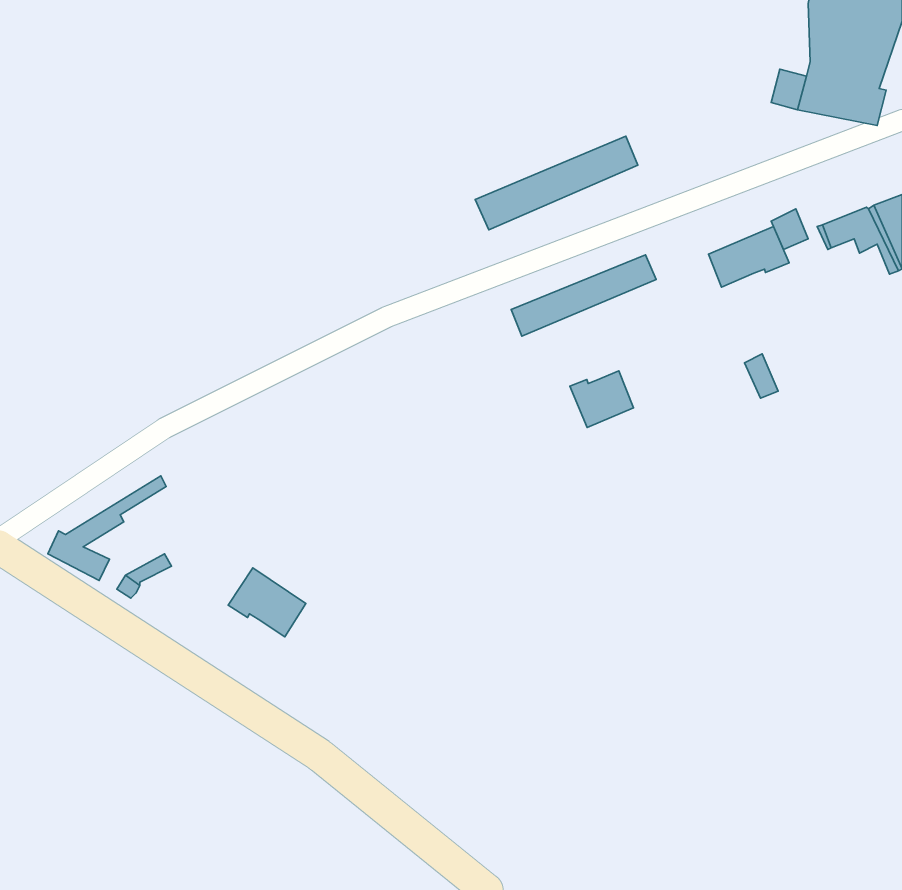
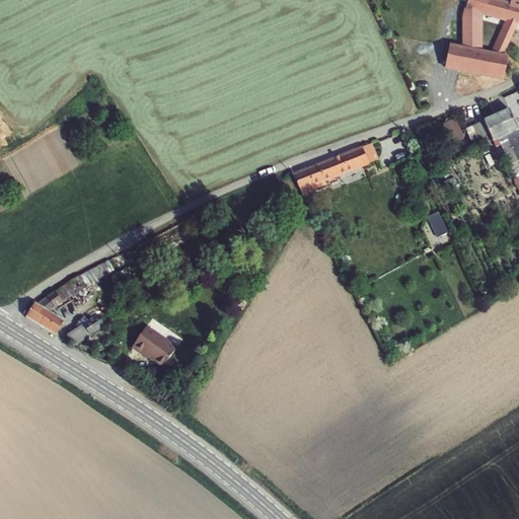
building: [475,136,638,230] -> none
building: [709,226,789,287] -> none
building: [570,371,634,427] -> none

